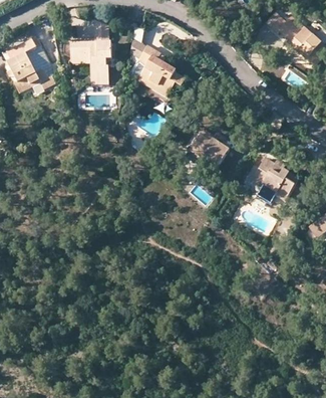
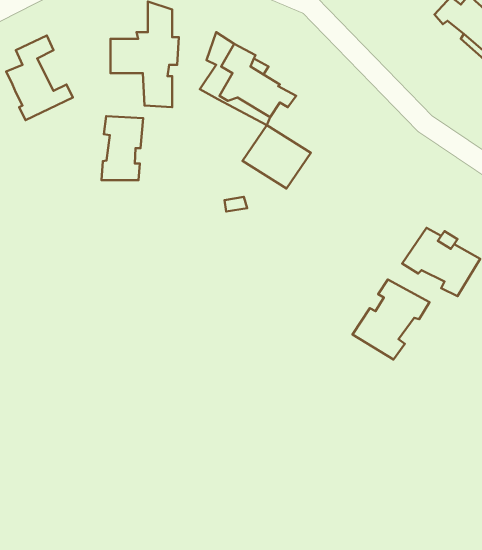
building: none -> [101,116,143,180]
building: [187,130,229,169] -> [242,125,311,189]
building: none -> [353,280,430,359]

